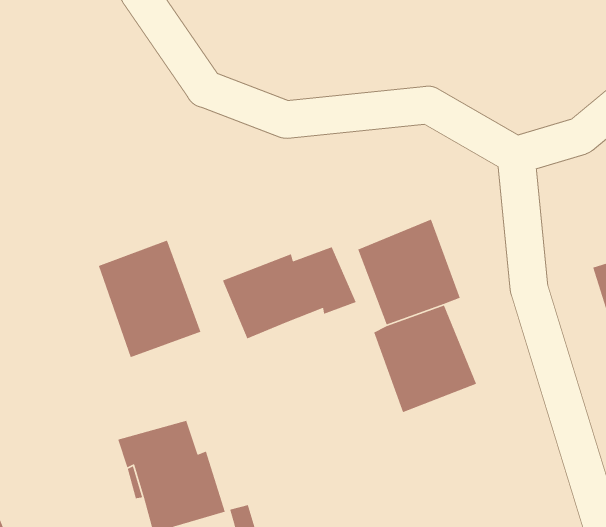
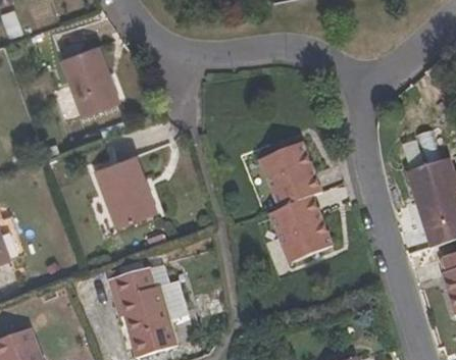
building: none -> [61,46,122,116]
building: [222,246,357,340] -> none

